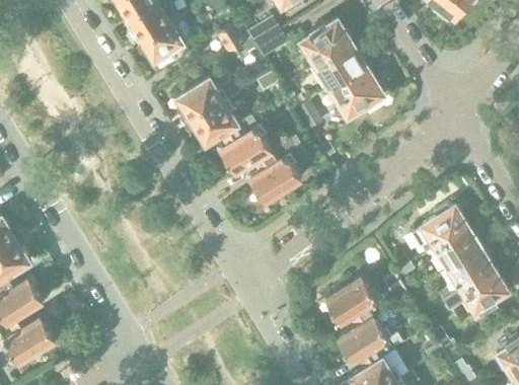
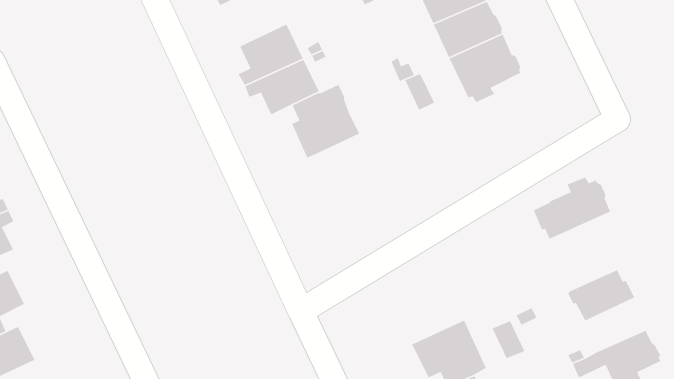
building: [249,140,302,203] -> none
building: [411,206,467,254] -> [533,177,611,240]
building: [448,248,493,291] -> none

